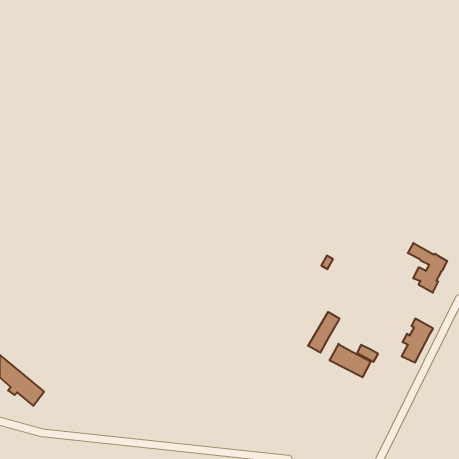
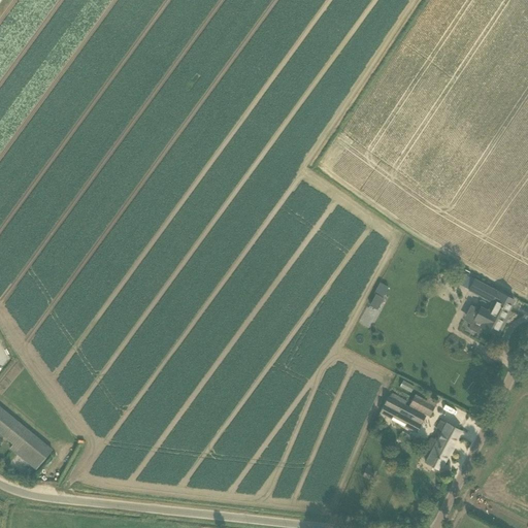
building: [308,312,339,353] -> none
building: [402,319,433,363] -> [424,419,460,469]

